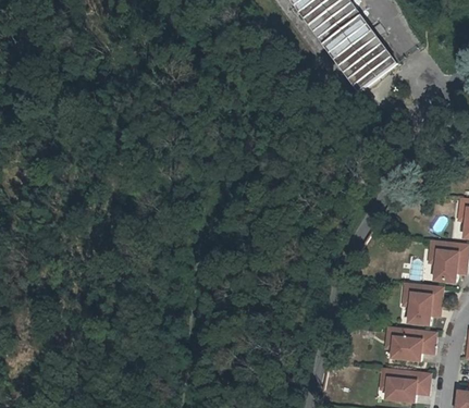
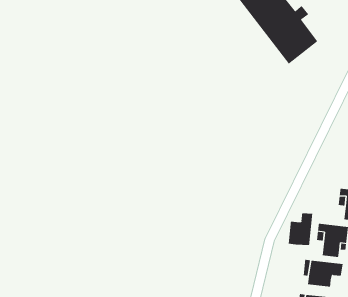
building: none -> [288,212,313,246]

